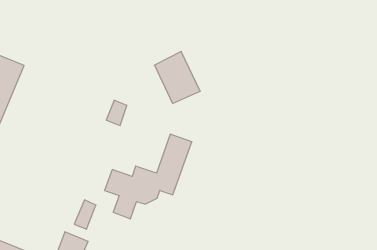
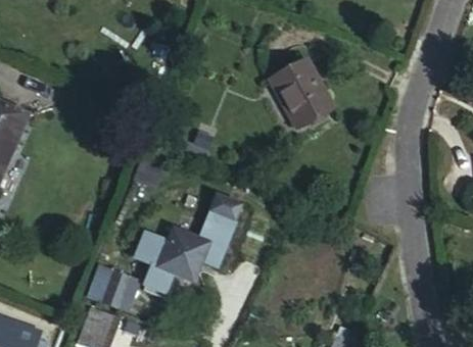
building: [154,51,200,103] -> [273,63,327,125]

